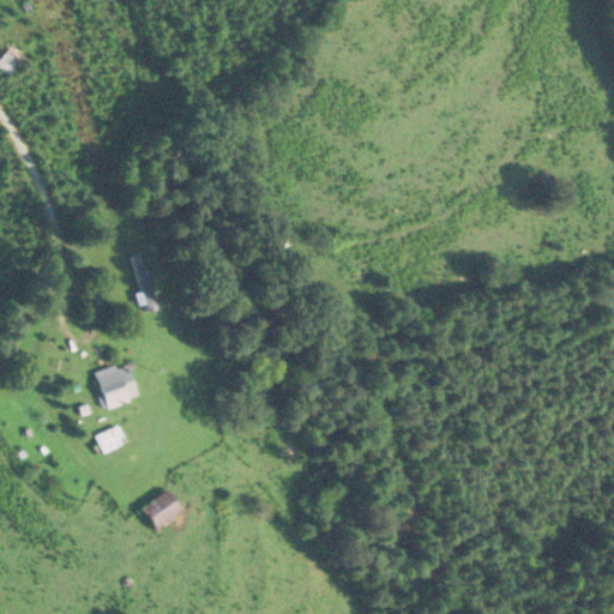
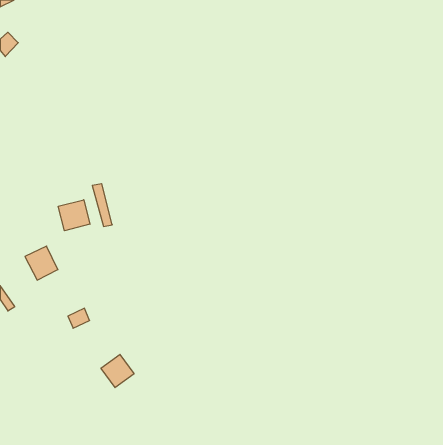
building: none -> [58,200,90,231]
building: [94,361,139,408] -> [25,246,58,280]

